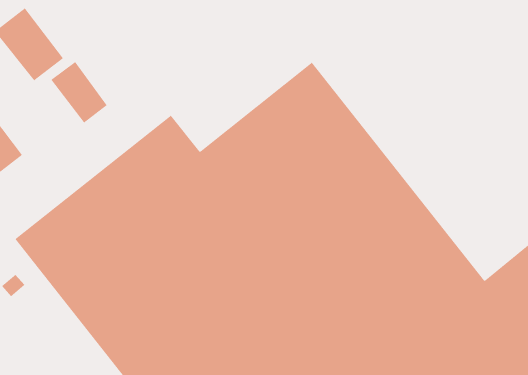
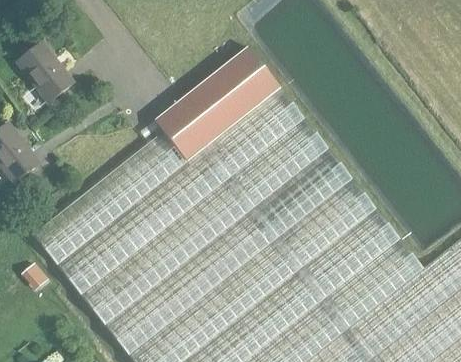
building: none -> [156,46,281,161]
building: [51,61,108,124] -> none

